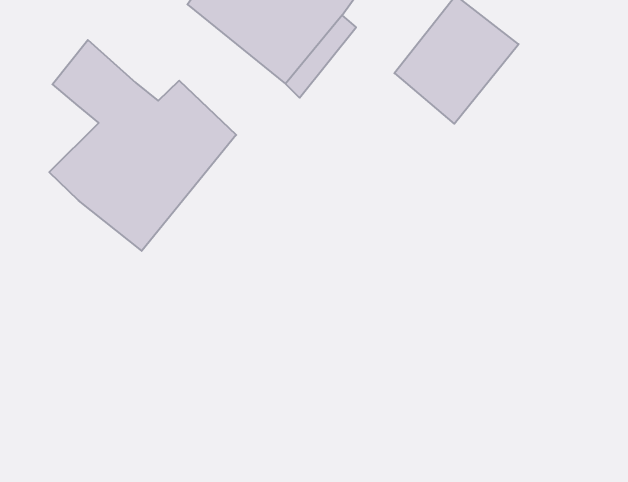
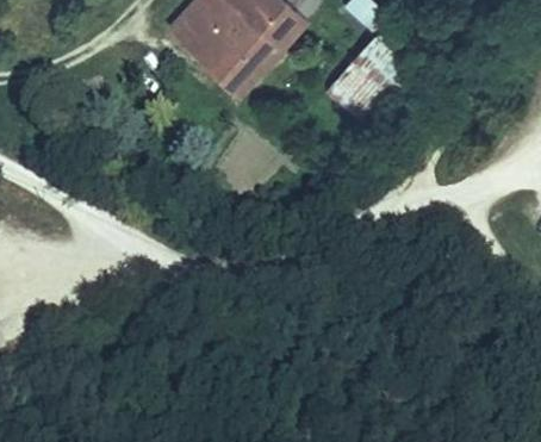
building: [49,40,236,251] -> none

